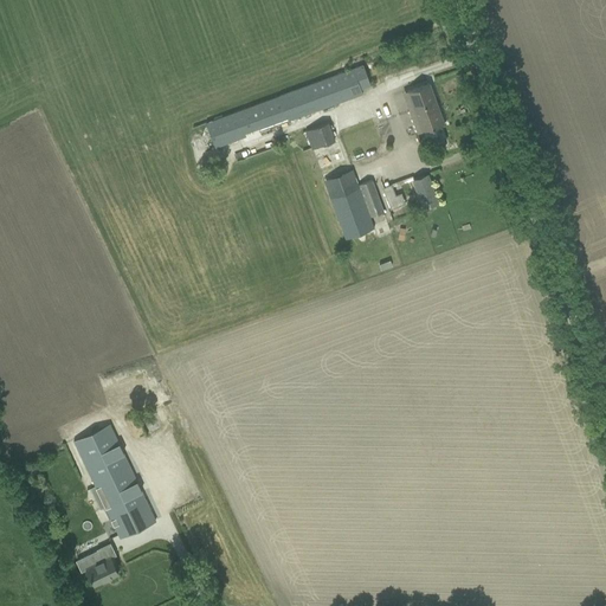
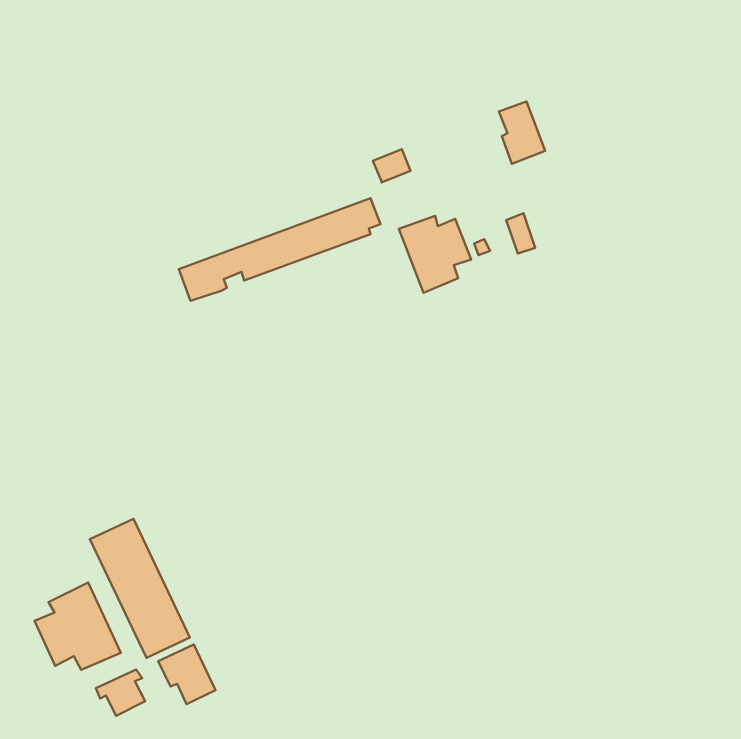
building: [206,65,370,149] -> [179,198,381,301]
building: none -> [35,583,121,670]
building: none -> [158,645,216,704]

